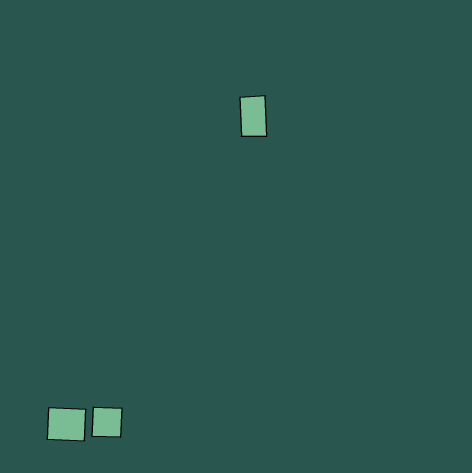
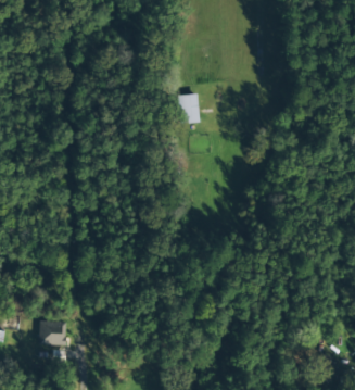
building: [92,407,122,437] -> none

